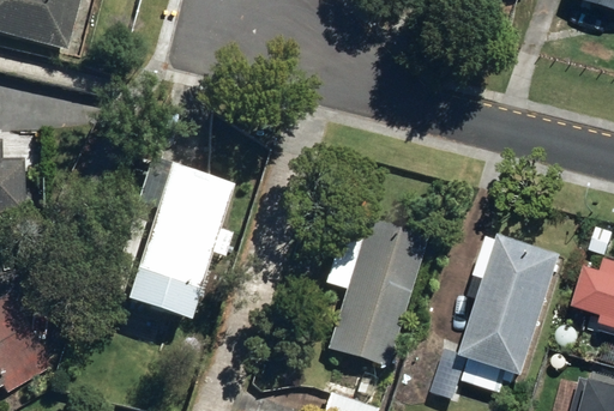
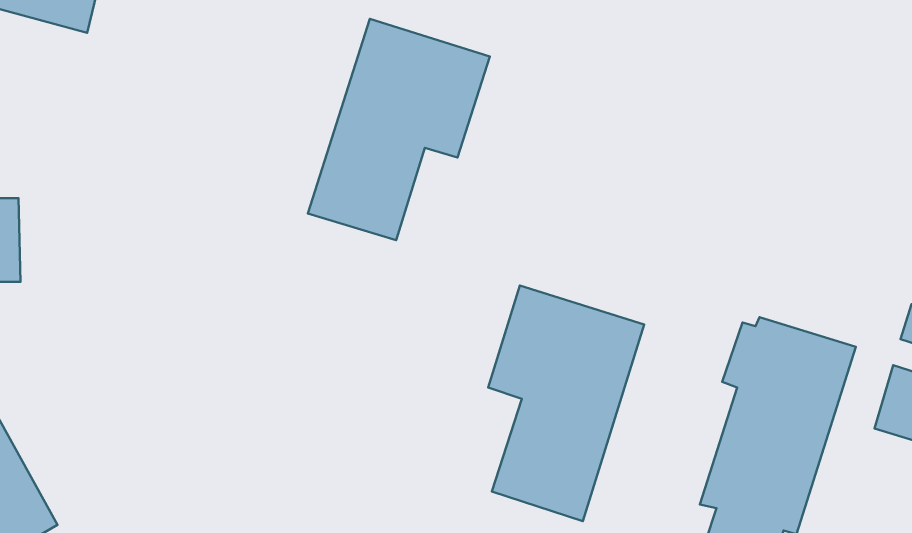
building: none -> [308,19,490,240]
building: [120,162,229,318] -> none

